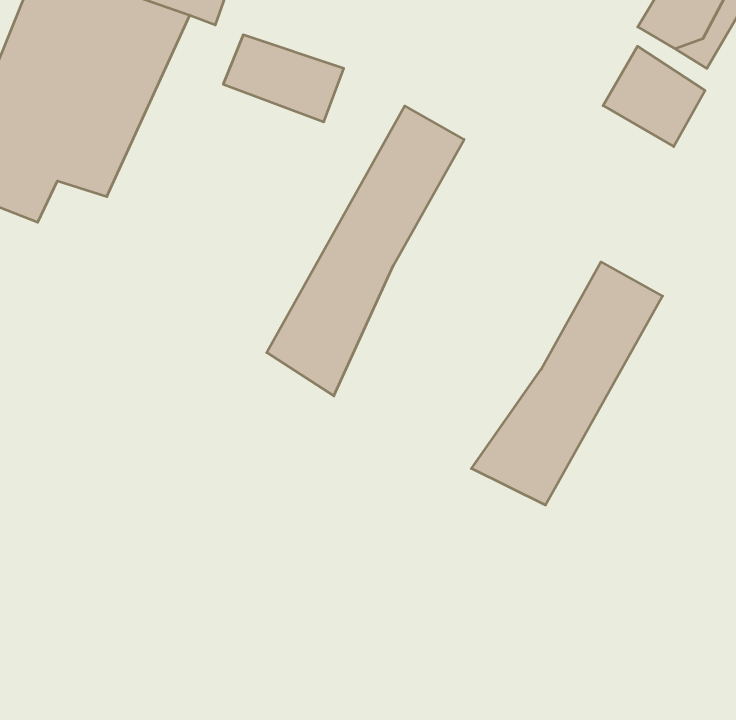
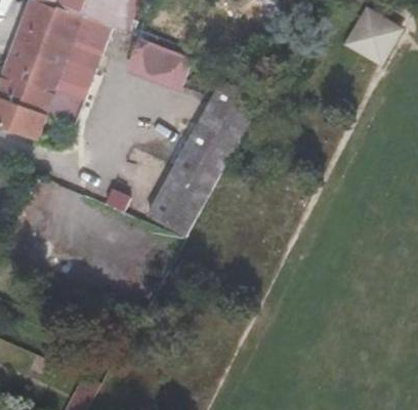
building: [603,46,705,147] -> none
building: [471,262,663,505] -> none

